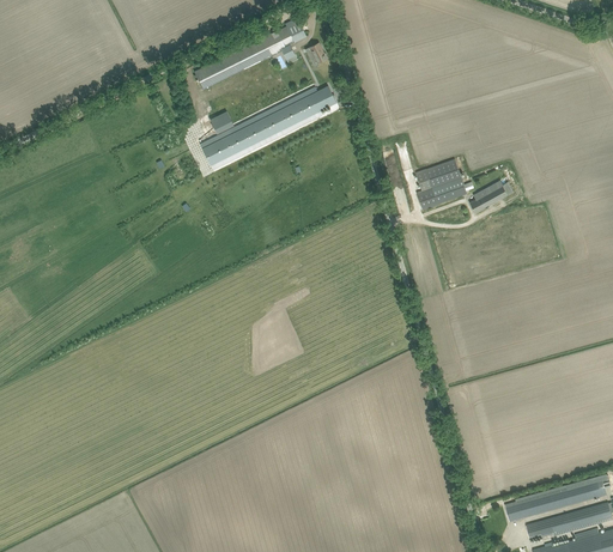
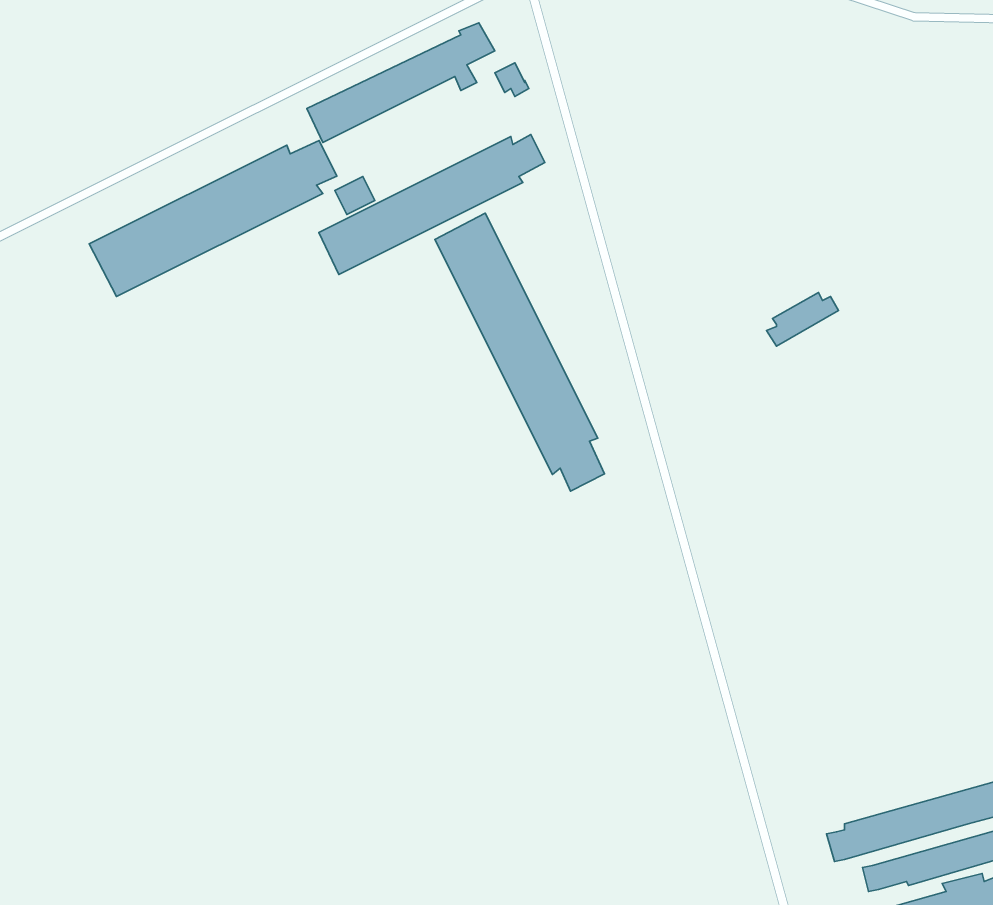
building: none -> [89,141,337,296]
building: none -> [435,213,605,491]
building: [414,158,473,210] -> none

